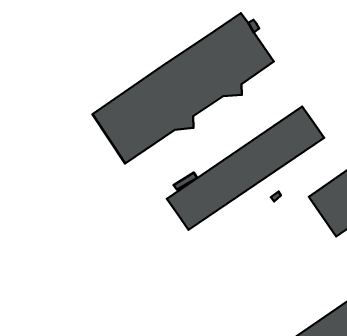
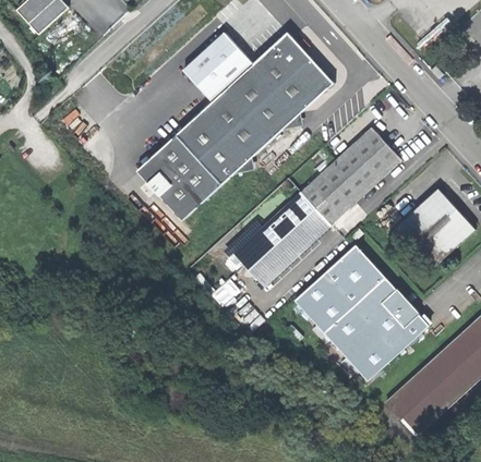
building: none -> [184,32,254,101]
building: none -> [296,244,430,380]

